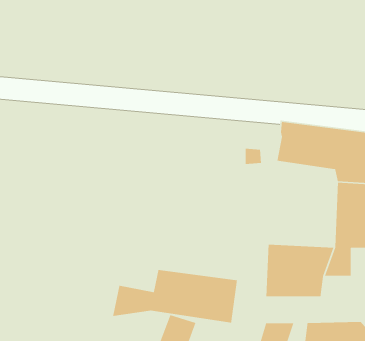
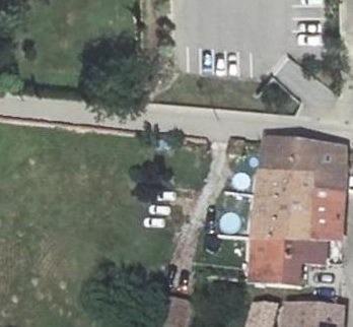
building: none -> [255,167,312,239]
building: [112,269,238,323] -> none

